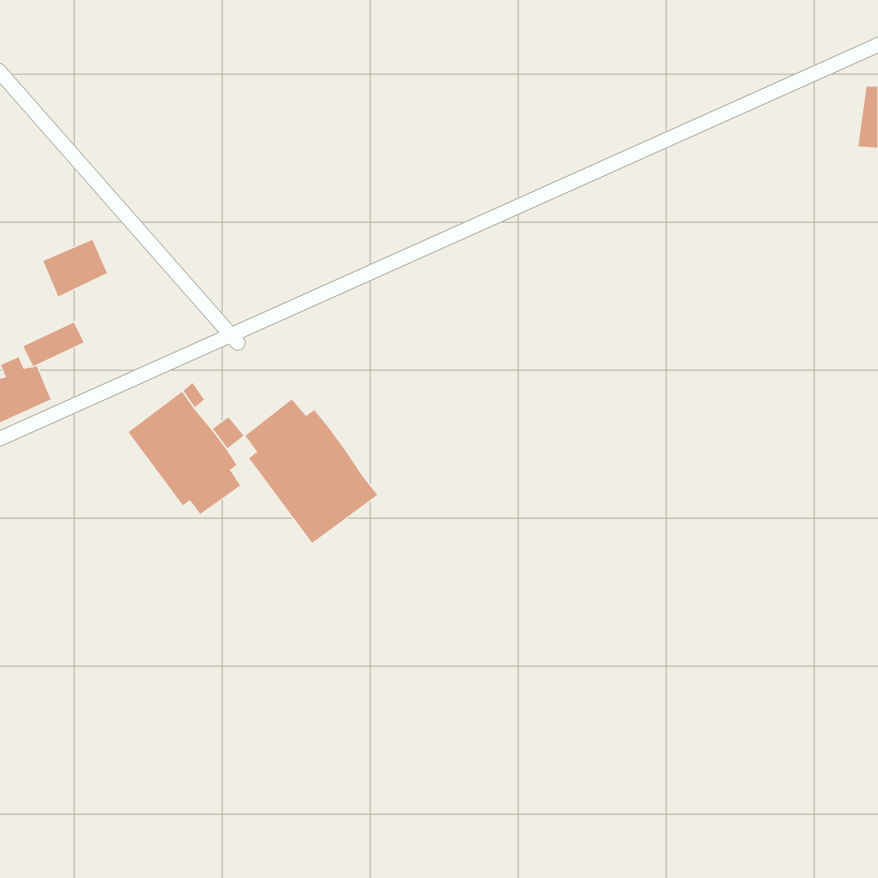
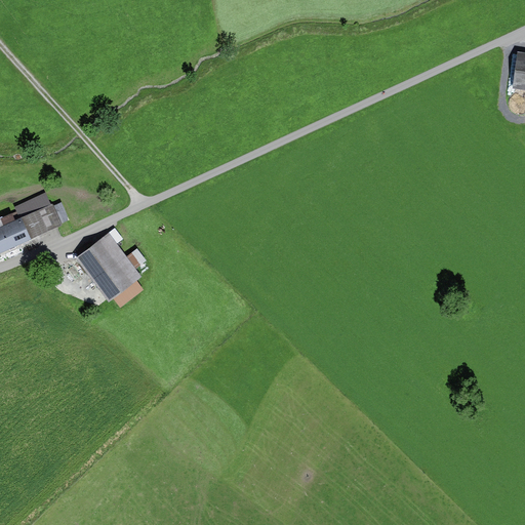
building: [42,239,108,297] -> [22,203,60,238]
building: [244,398,378,544] -> none

